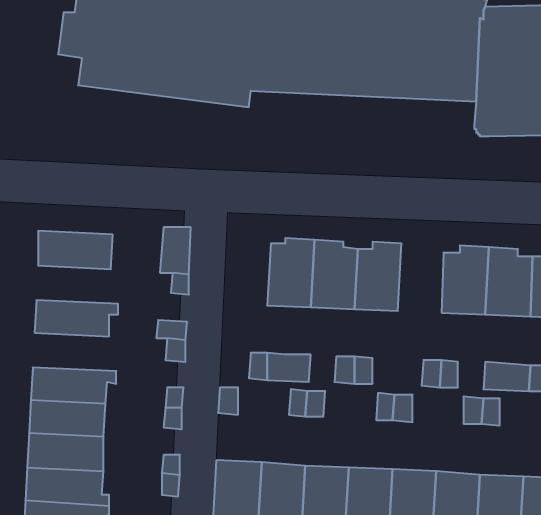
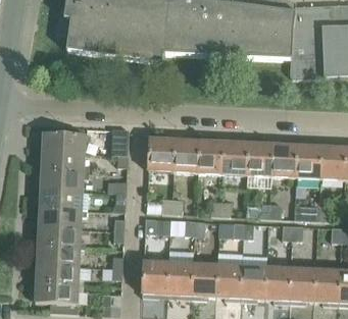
building: none -> [148,135,173,173]
building: none -> [245,139,270,177]
building: none -> [42,151,88,172]
building: none -> [40,189,87,210]

